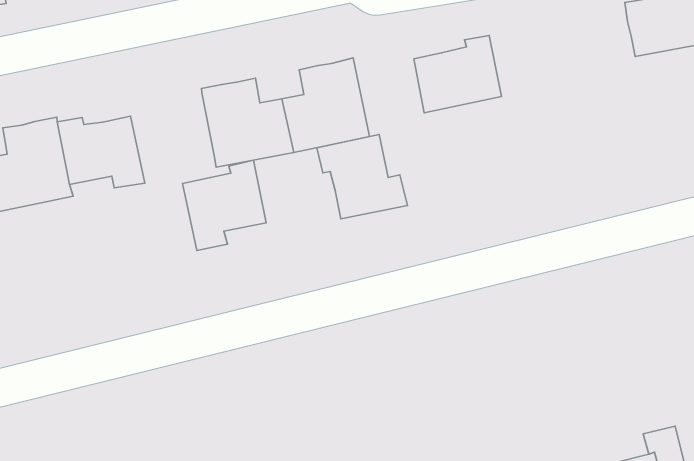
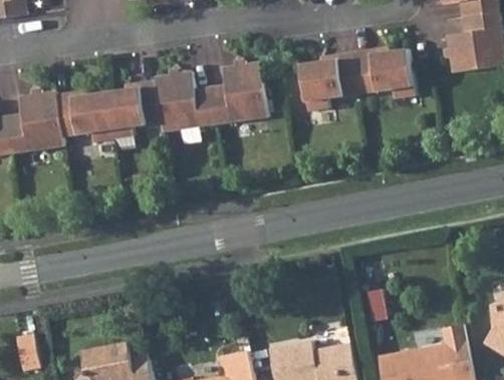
building: none -> [351,49,412,94]
building: [317,135,408,219] -> none
building: [183,160,266,250] -> [104,80,160,139]

